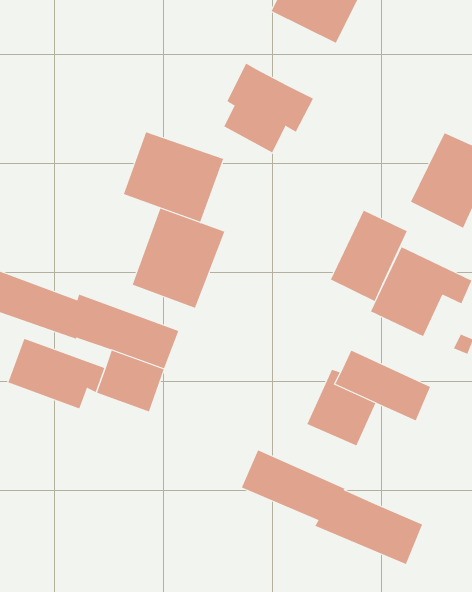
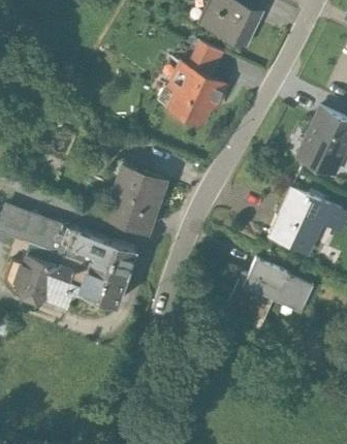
building: none -> [189,43,222,76]
building: [123,132,224,223] -> none
building: [330,210,407,302] -> none
building: [241,449,423,565] -> none

